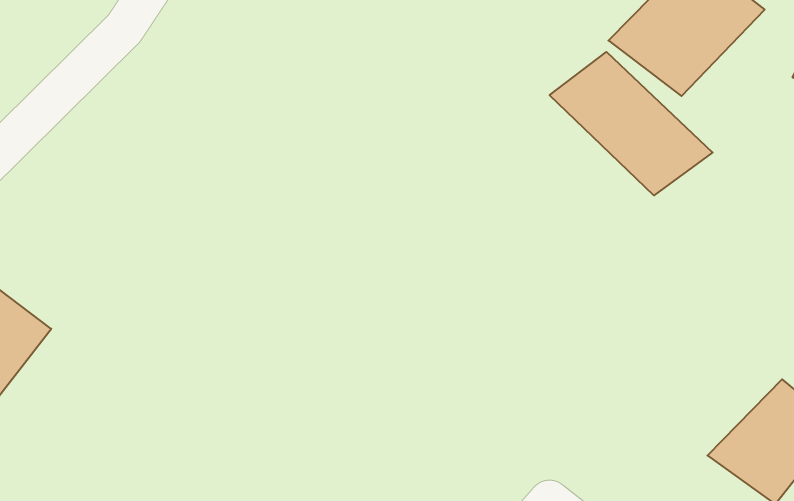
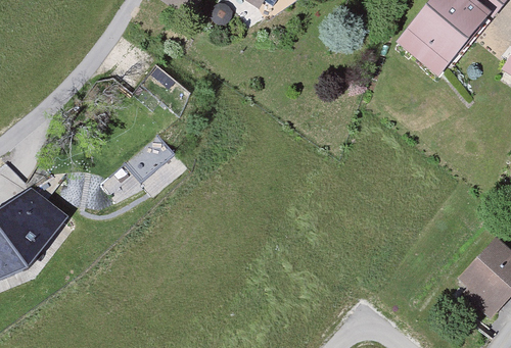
building: [550,52,713,195] -> none

